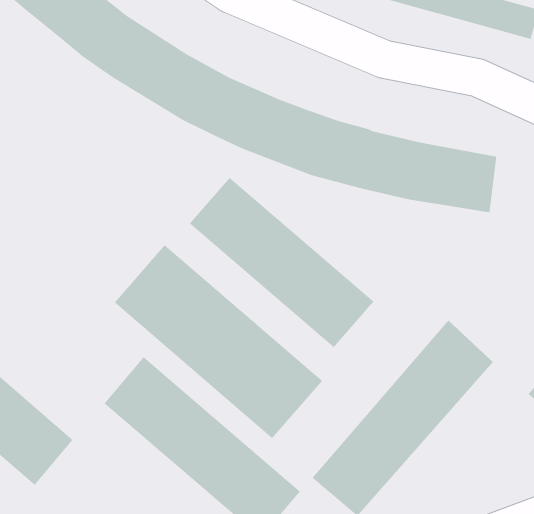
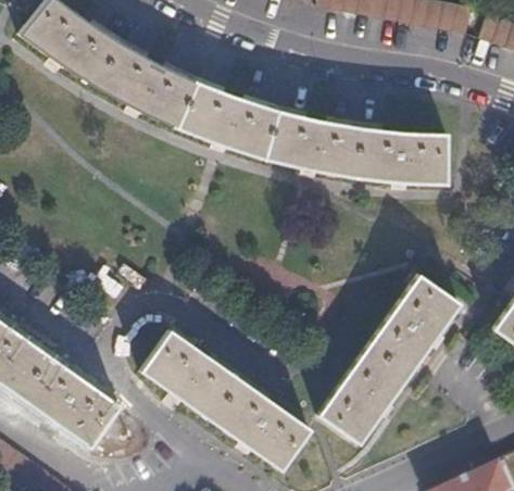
building: [189,177,375,348] -> none
building: [114,244,323,439] -> none

